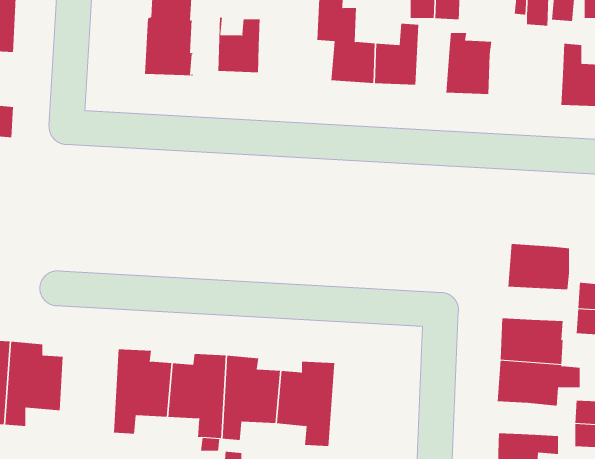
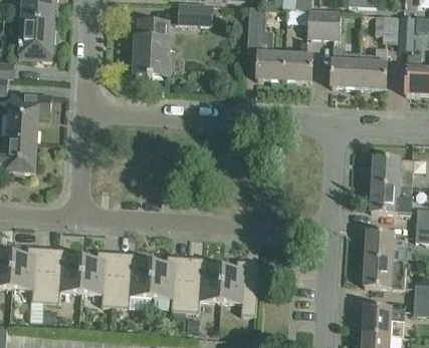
building: [218,17,260,73] -> none
building: none -> [359,48,387,88]
building: none -> [373,155,414,185]
building: none -> [81,249,119,305]

